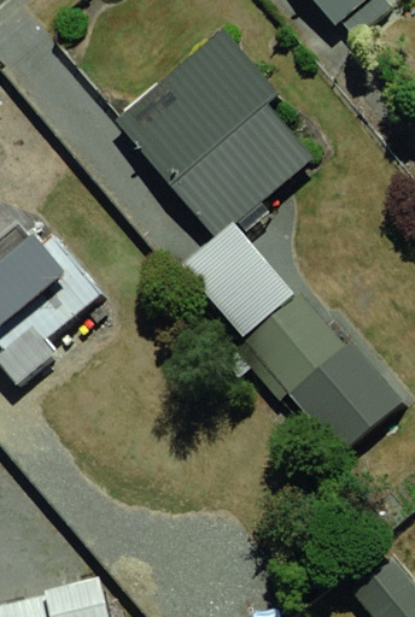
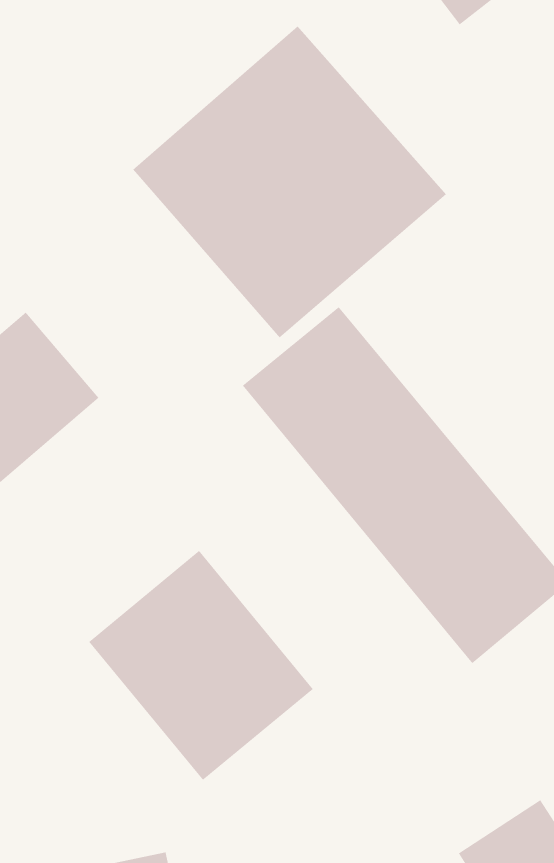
building: none -> [88,550,314,781]

